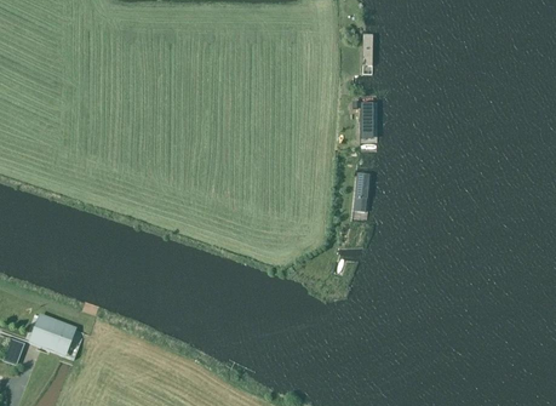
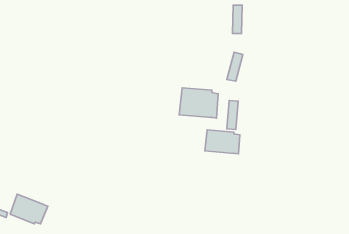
building: none -> [179,88,218,118]
building: none -> [205,130,240,154]

